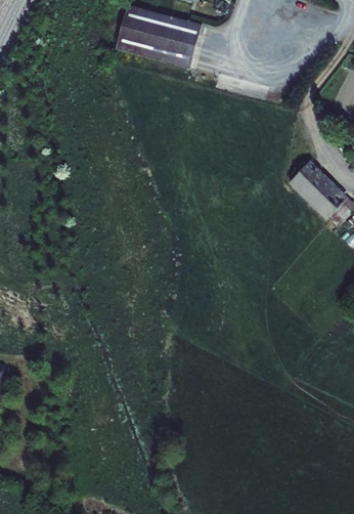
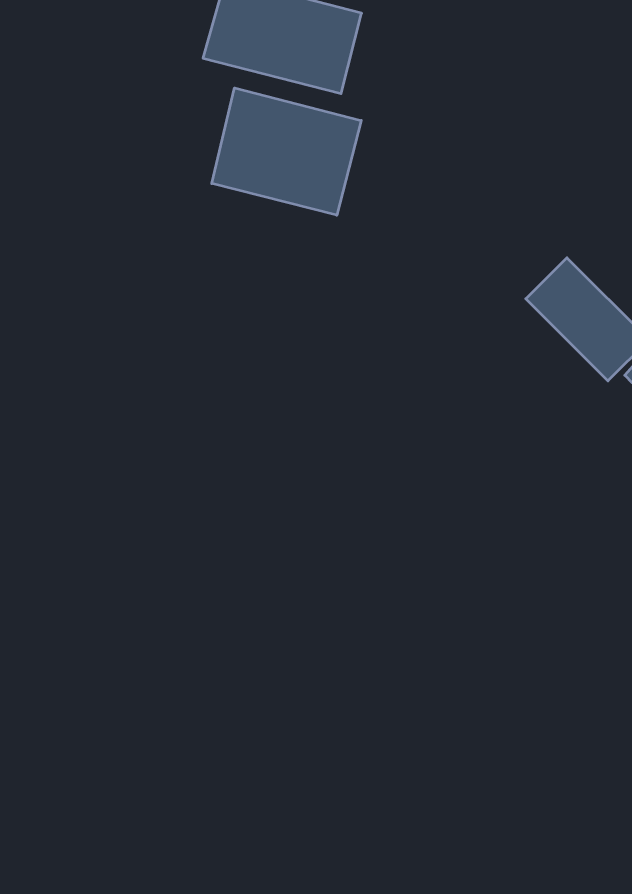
building: none -> [212,88,361,215]

